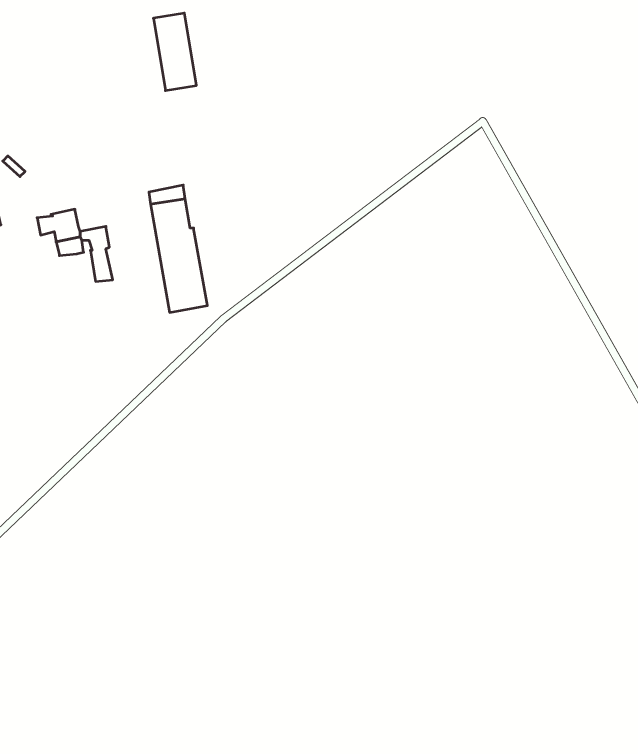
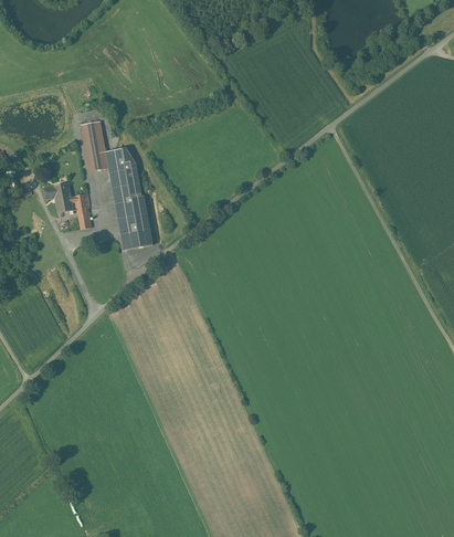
building: [153,13,196,91] -> [80,120,107,170]
building: none -> [109,147,136,171]

